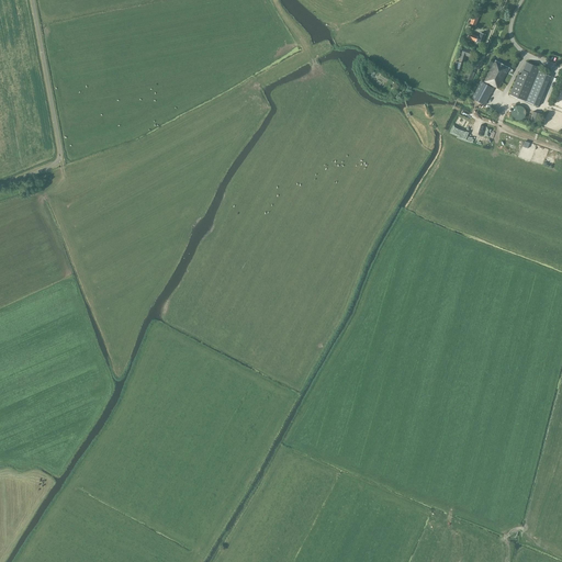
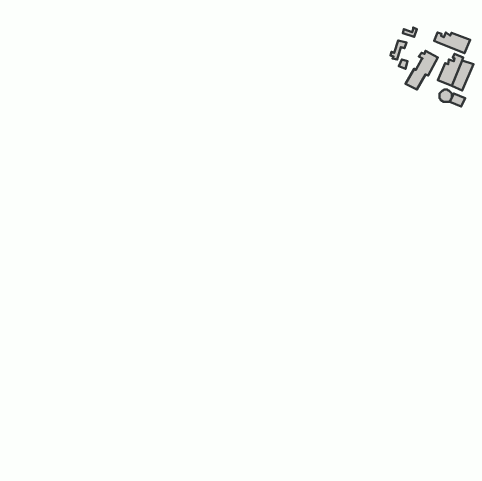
building: none -> [434,32,470,53]

